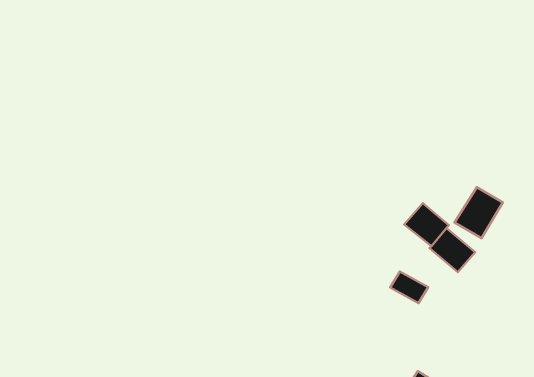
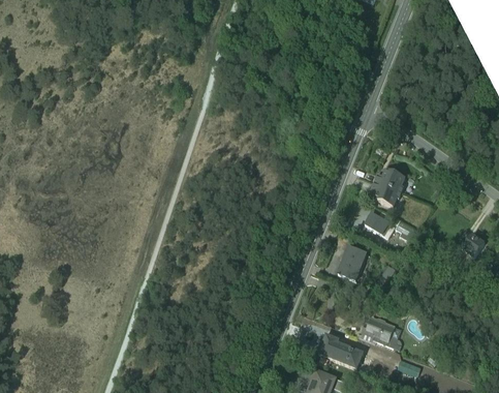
building: [404,203,449,246] -> none
building: none -> [331,256,360,279]

